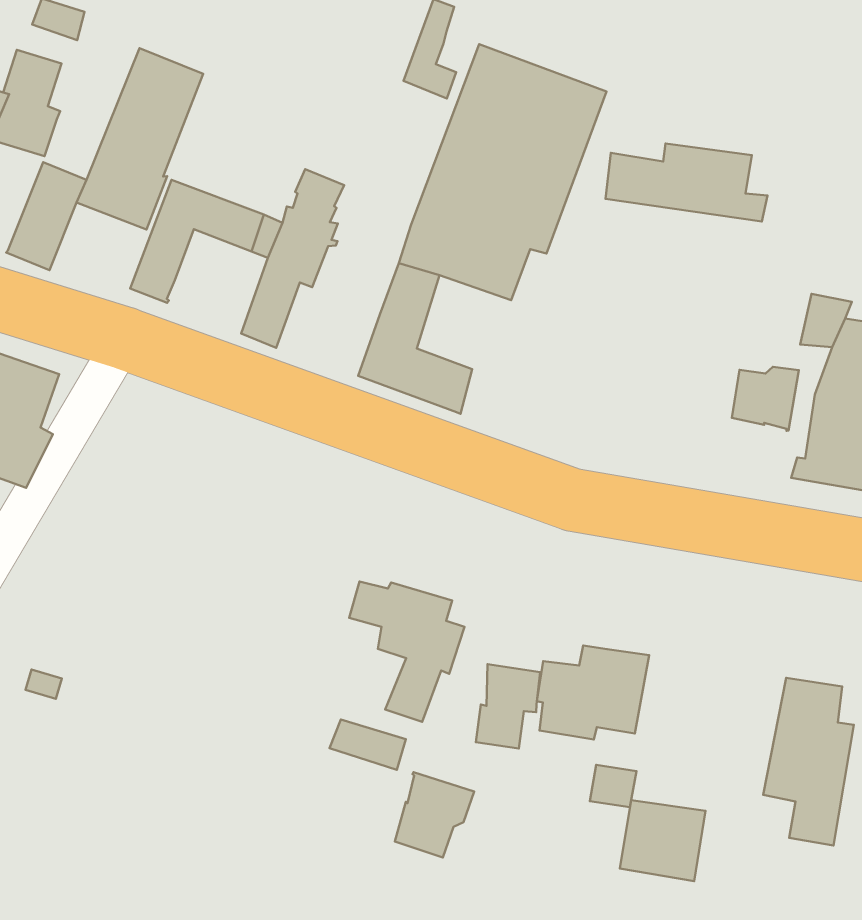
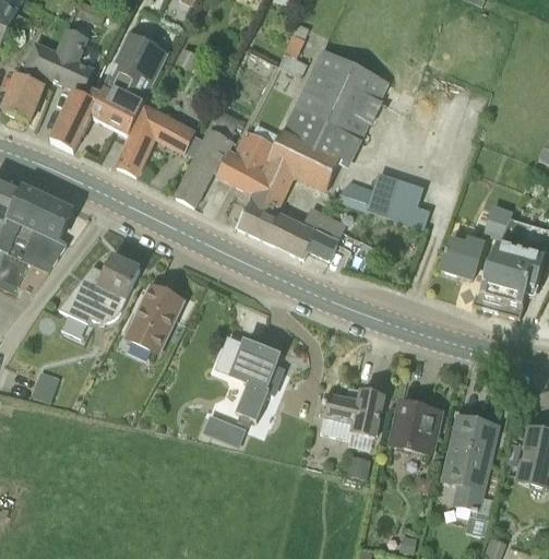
building: [605,144,767,222] -> [344,176,433,224]
building: none -> [217,130,275,193]
building: none -> [293,207,347,259]
building: none -> [59,255,140,321]
building: none -> [126,285,182,352]
building: [476,664,540,749] -> none
building: [395,772,474,858] -> none
building: [620,800,705,881] -> [391,402,441,450]

